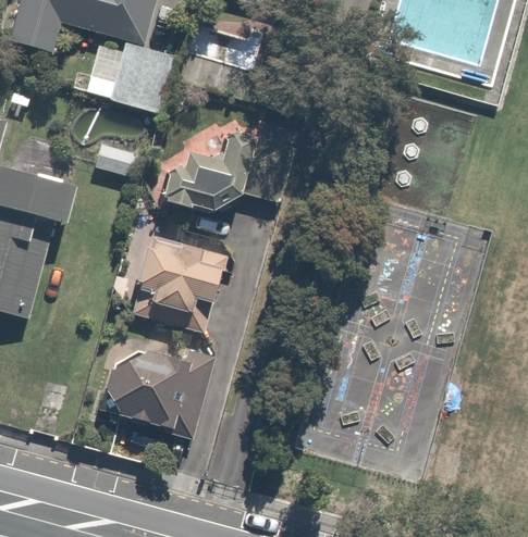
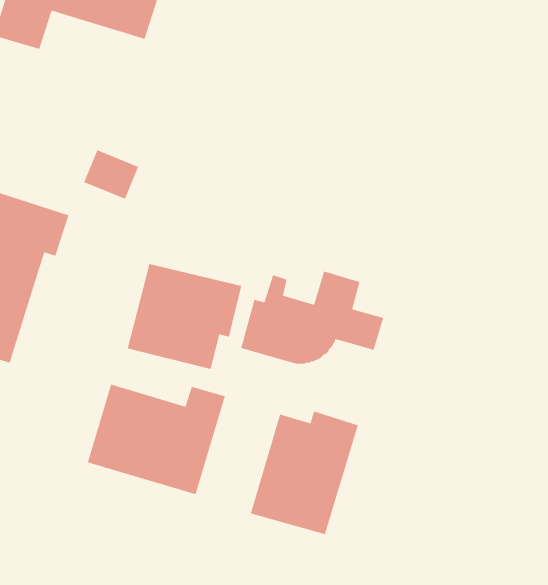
building: [82,32,179,117] -> none
building: [160,130,286,213] -> [240,270,384,365]
building: none -> [250,411,359,535]

